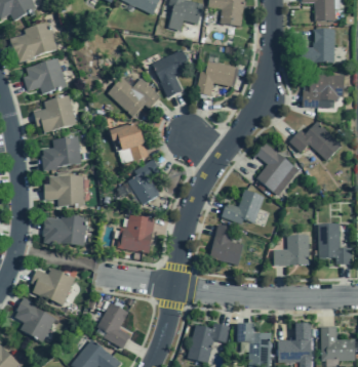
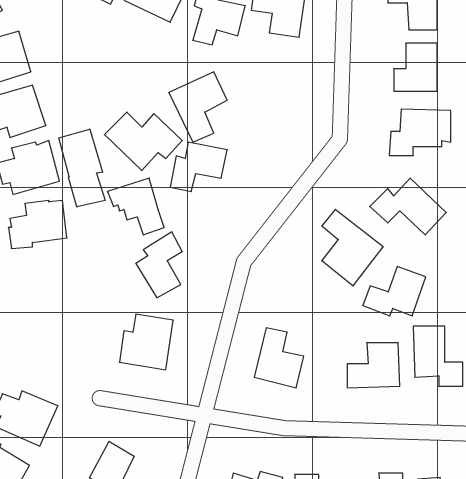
building: [196,62,235,95] -> [170,142,227,192]
building: none -> [59,129,105,207]
building: [44,175,83,206] -> none
building: [221,190,264,223] -> [363,266,426,316]
building: [42,214,87,246] -> none

